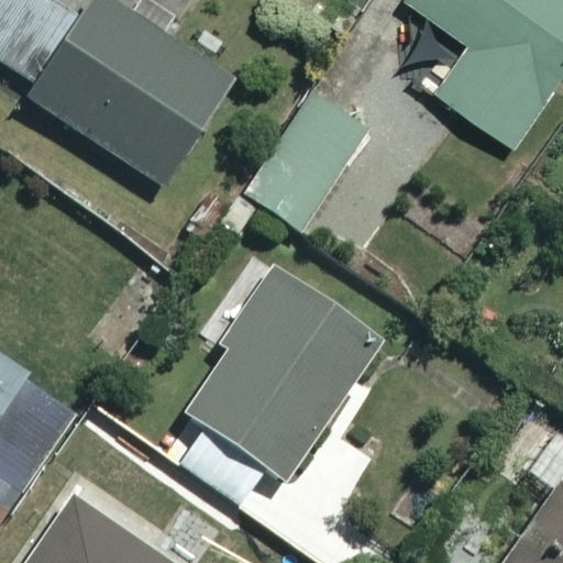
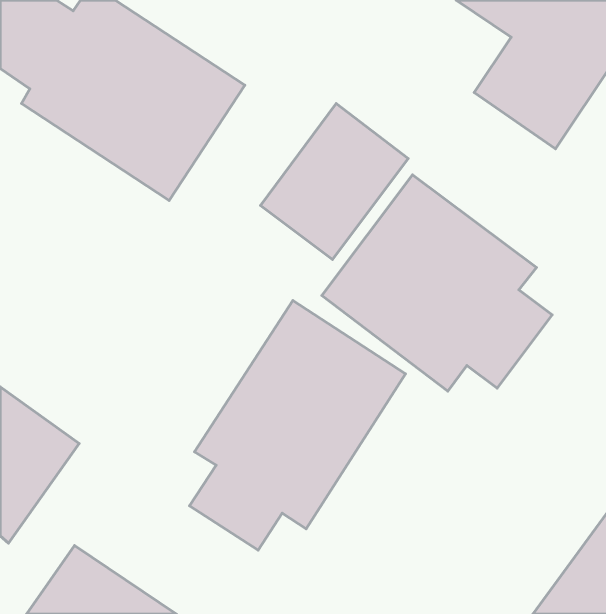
building: none -> [322,175,552,391]

